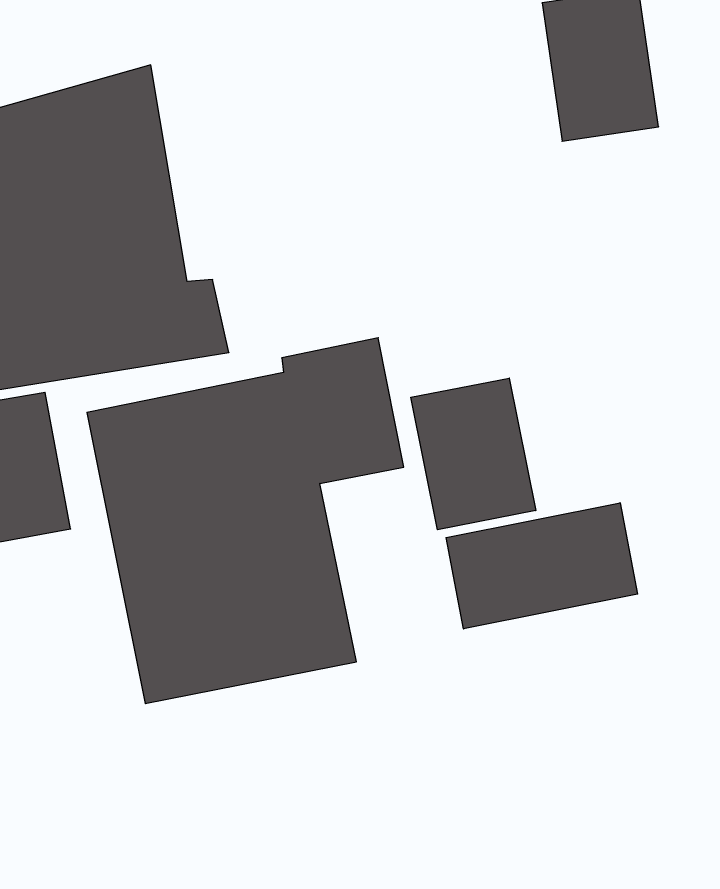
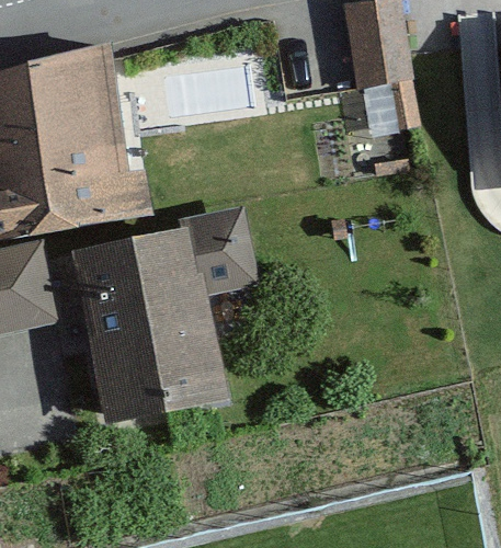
building: [411,378,536,530] -> none
building: [446,503,638,629] -> none

